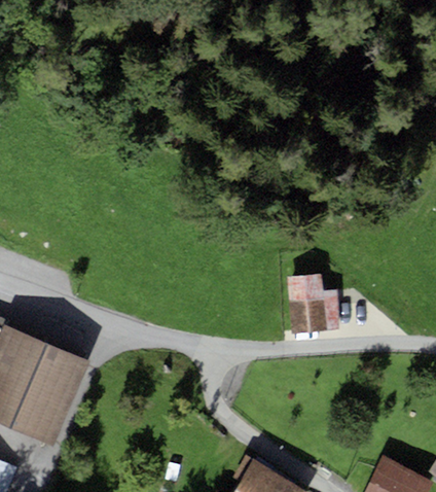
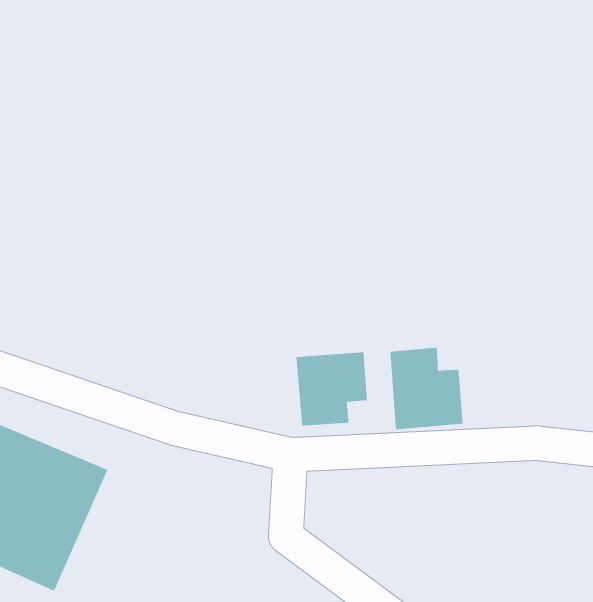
building: none -> [296,351,368,427]

